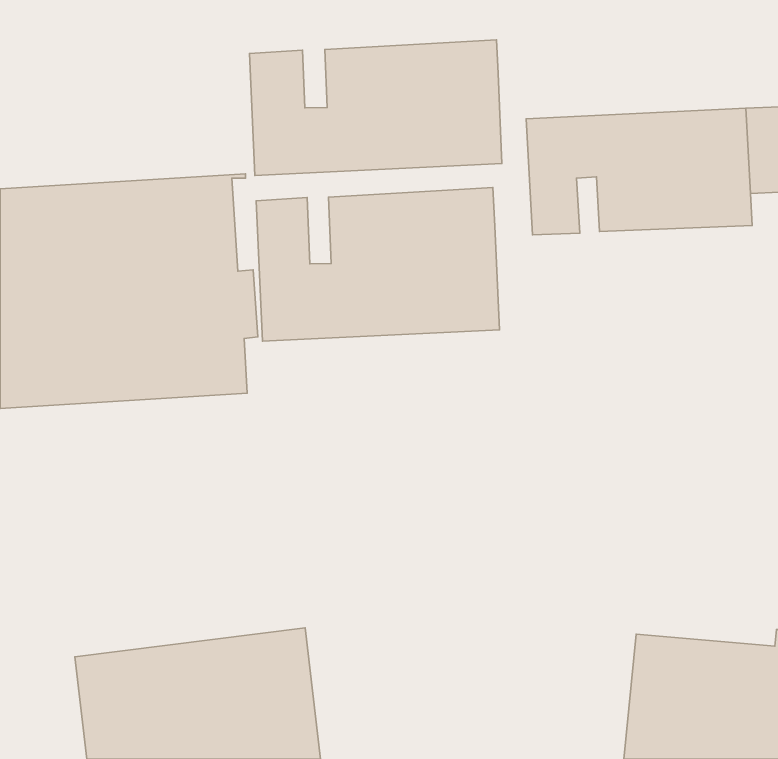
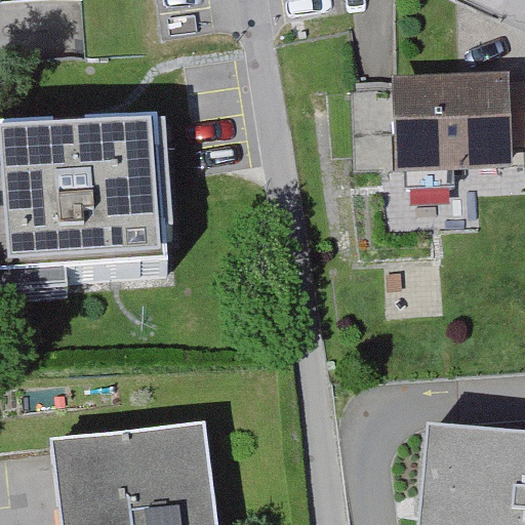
building: [249,40,502,175] -> none
building: [256,188,499,341] -> none

